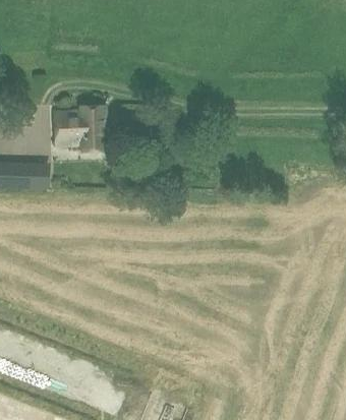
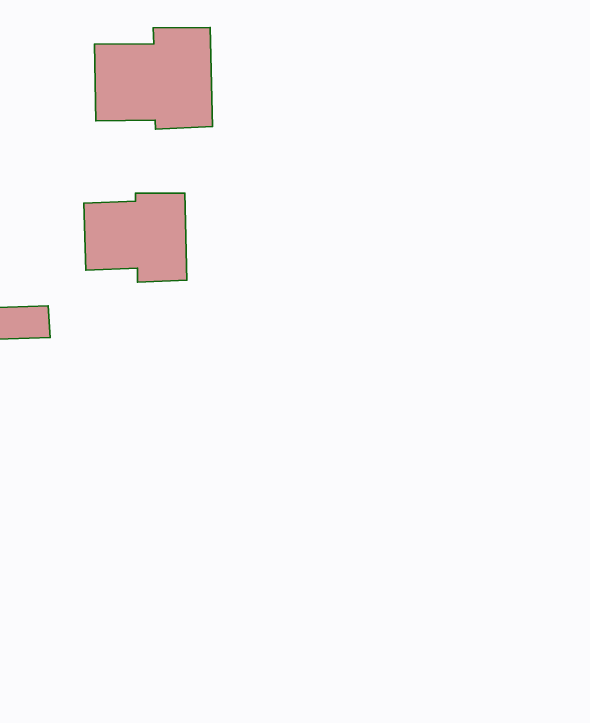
building: none -> [95,28,213,129]

